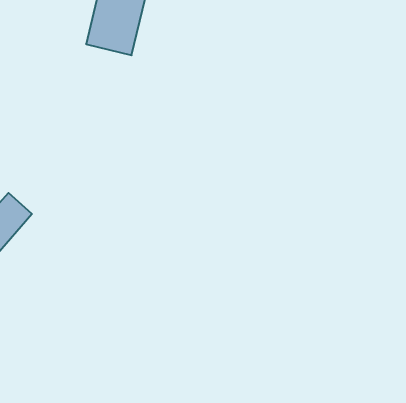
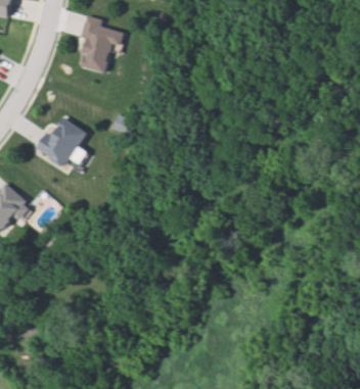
building: none -> [40,116,87,165]

